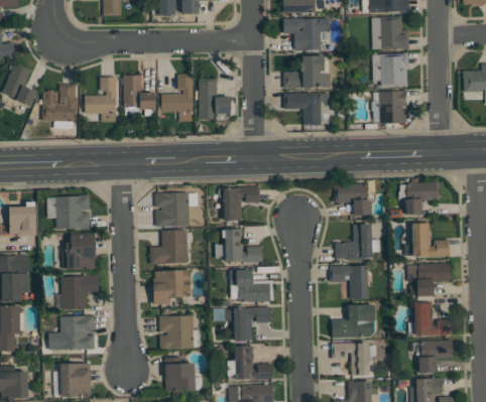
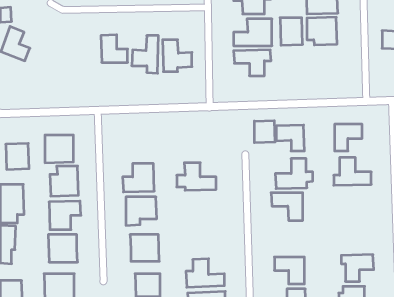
building: [85,77,116,121] -> none
building: [42,87,77,121] -> none
building: [378,91,405,124] -> [280,18,303,45]
building: none -> [254,121,275,143]
building: [223,186,260,220] -> none
building: [155,191,190,226] -> none
building: [407,263,450,296] -> none
building: [230,269,271,301] -> none
building: [413,302,452,336] -> none
building: [331,304,374,338] -> none
building: [224,307,271,342] -> none

